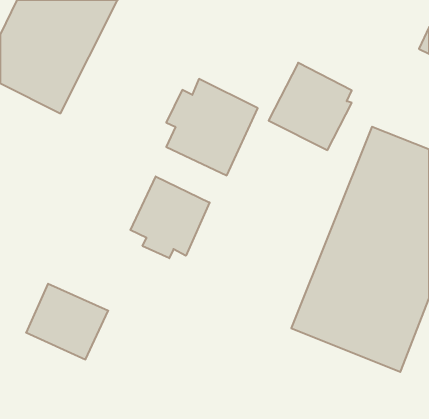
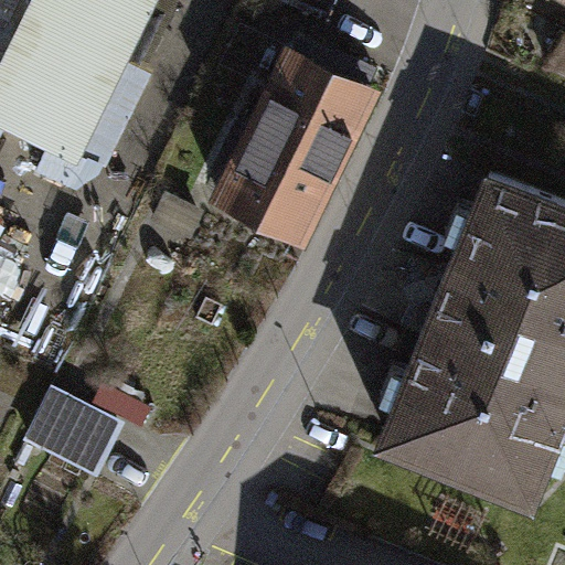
building: [269,63,352,150] -> [262,41,371,156]
building: [130,176,210,258] -> none

